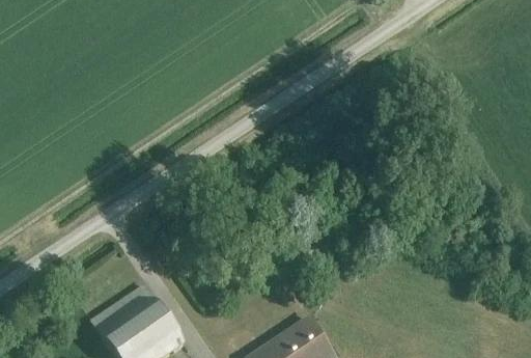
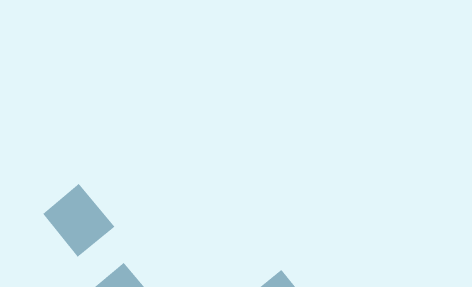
building: none -> [36,183,116,262]

